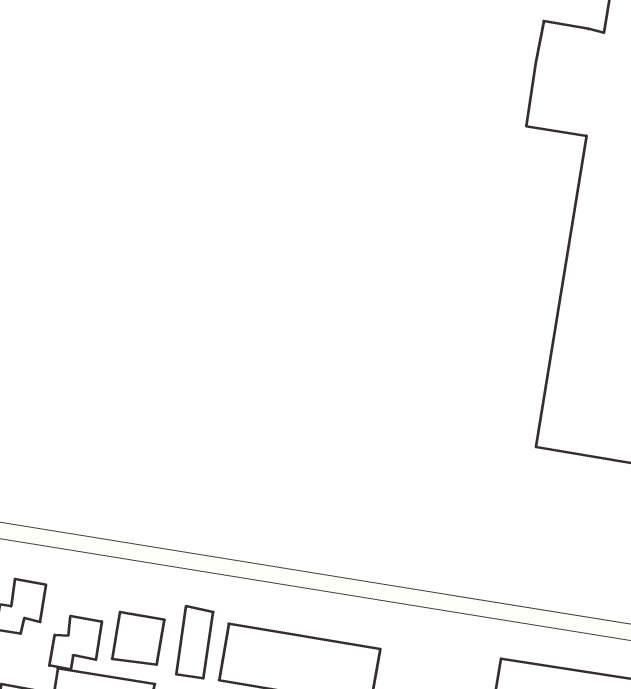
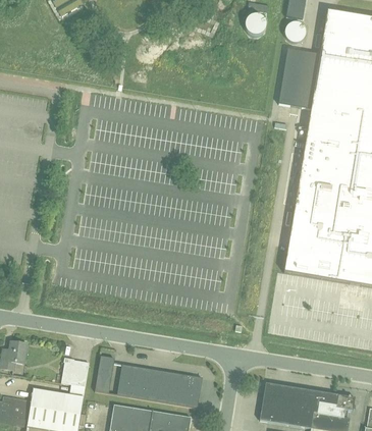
building: [49,616,102,669] -> none

